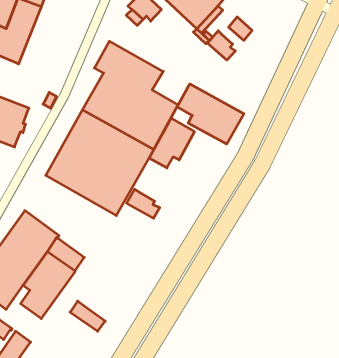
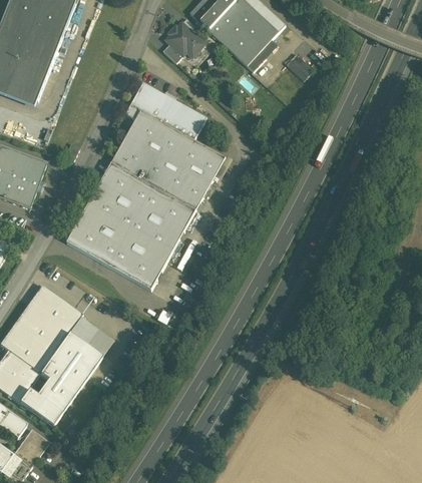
building: [207,31,235,60] -> none
building: [177,84,244,144] -> none
building: [149,119,194,168] -> none
building: [127,189,160,218] -> none
building: [70,301,105,331] -> [19,389,61,425]

